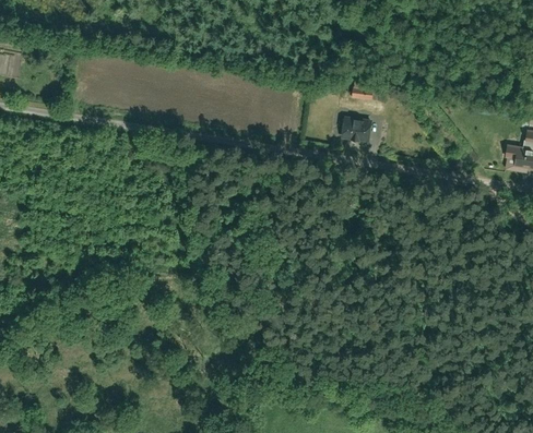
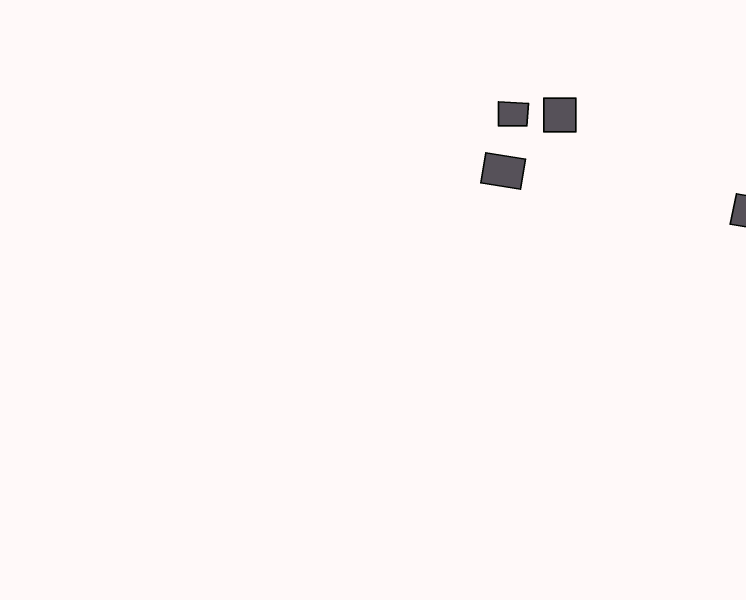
building: none -> [544,98,576,132]

